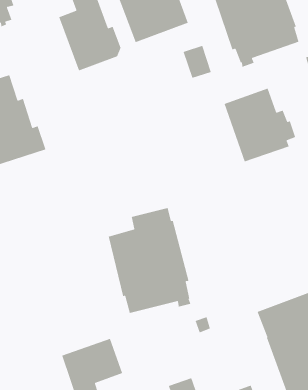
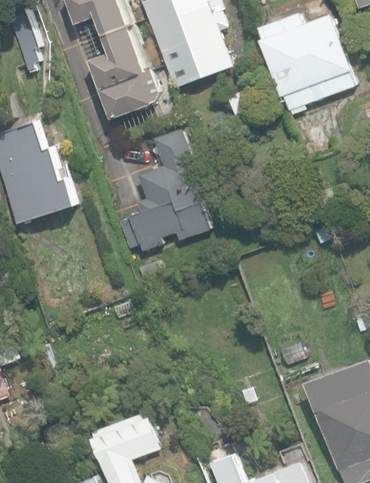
building: none -> [118,128,211,253]
building: [223,88,296,163] -> none
building: [108,207,191,314] -> none

